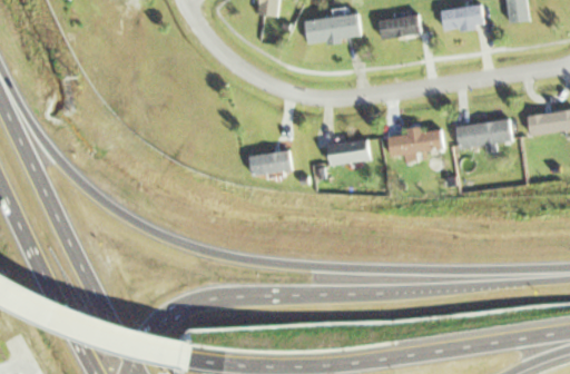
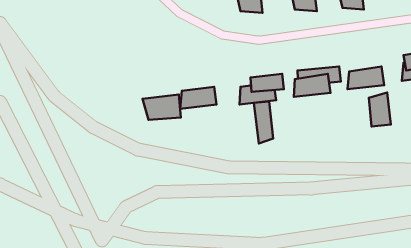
building: none -> [369,92,391,126]
building: none -> [142,95,181,120]
building: none -> [254,102,273,143]

